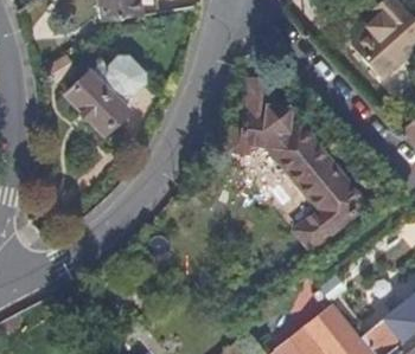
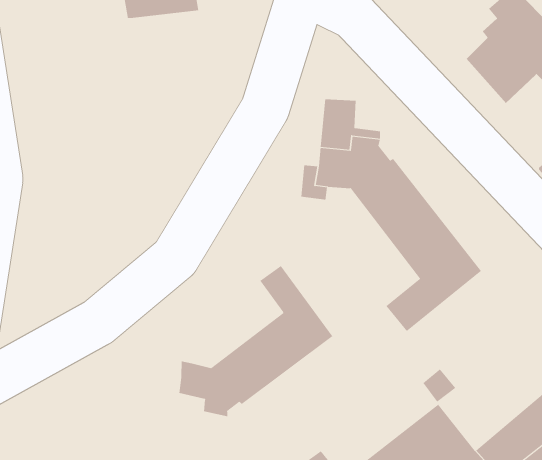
building: [65,58,143,134] -> none
building: none -> [179,265,333,417]

